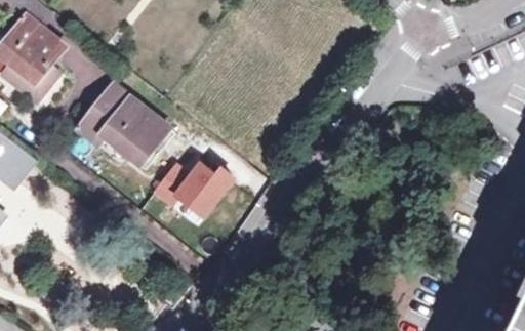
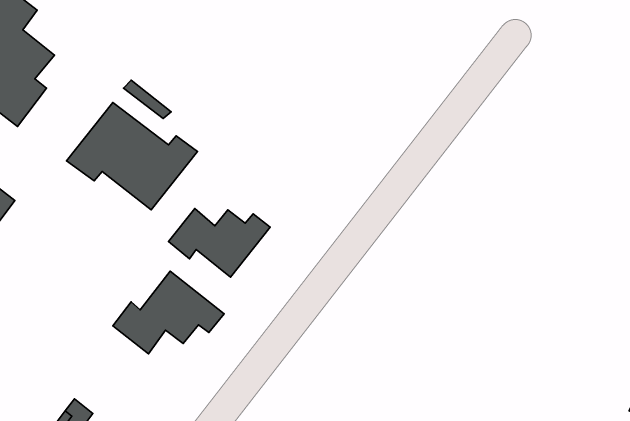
building: none -> [113,271,224,354]

